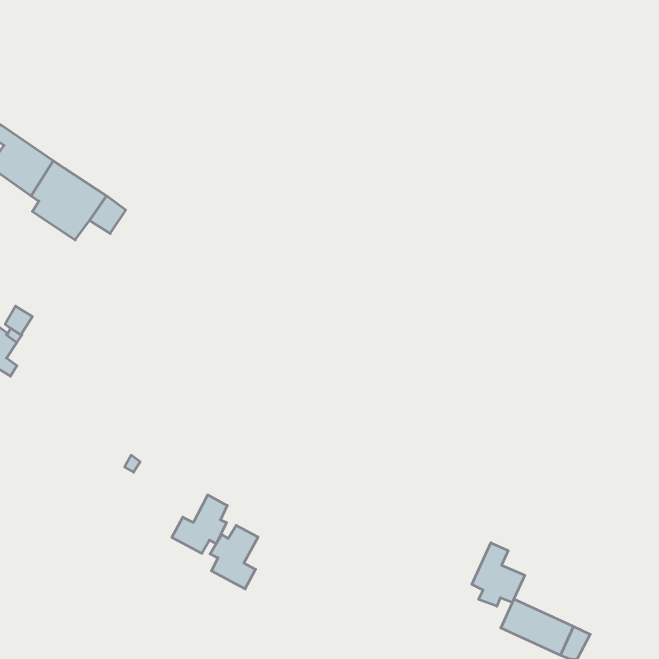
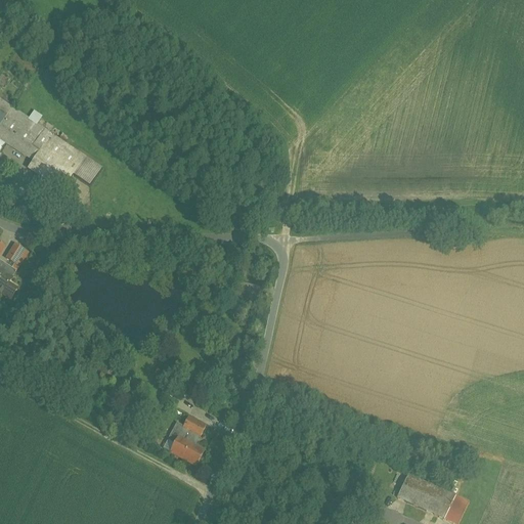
building: [172,495,227,553] -> none
building: [472,543,525,606] -> none

